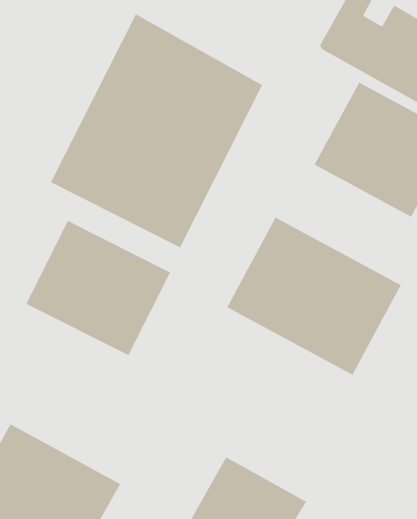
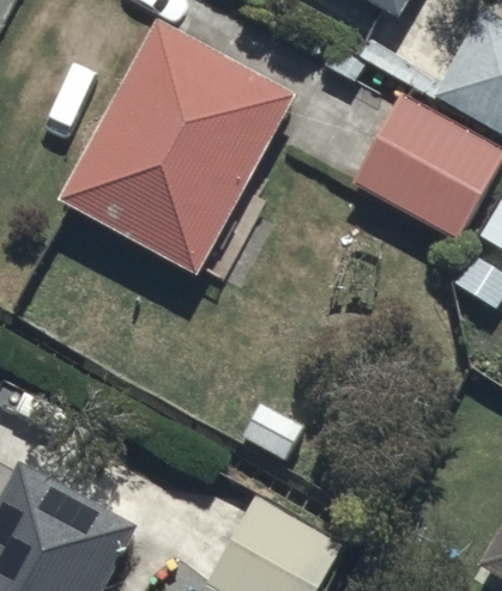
building: [226,217,402,376] -> none
building: [25,220,171,356] -> none

